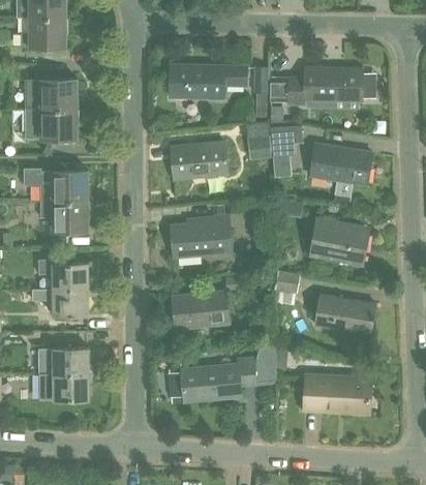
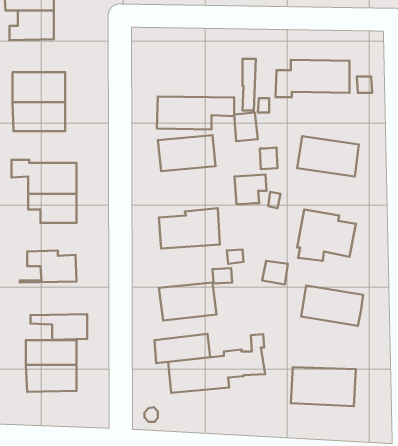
building: [169,65,246,98] -> [157,97,234,130]
building: [270,126,302,156] -> [235,174,267,204]
building: [31,290,88,315] -> [30,314,87,340]
building: none -> [155,334,210,363]

